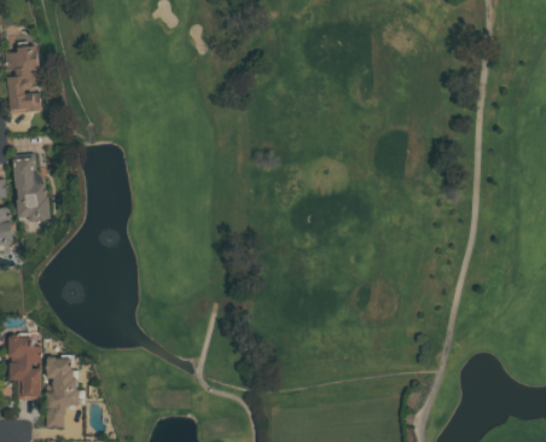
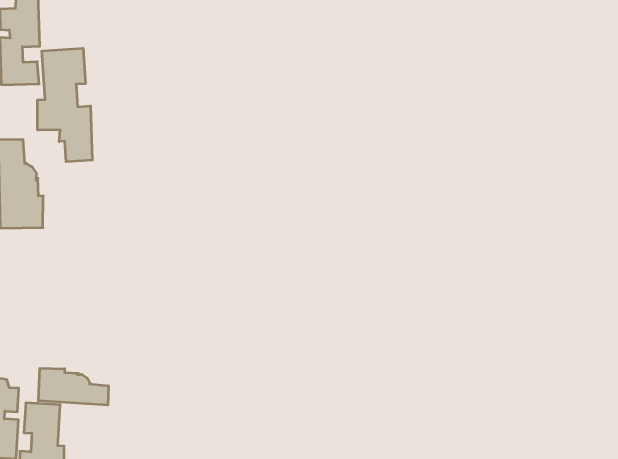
building: none -> [38,48,92,162]
building: none -> [38,368,108,405]

